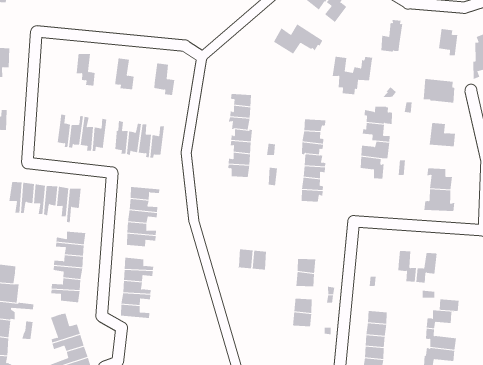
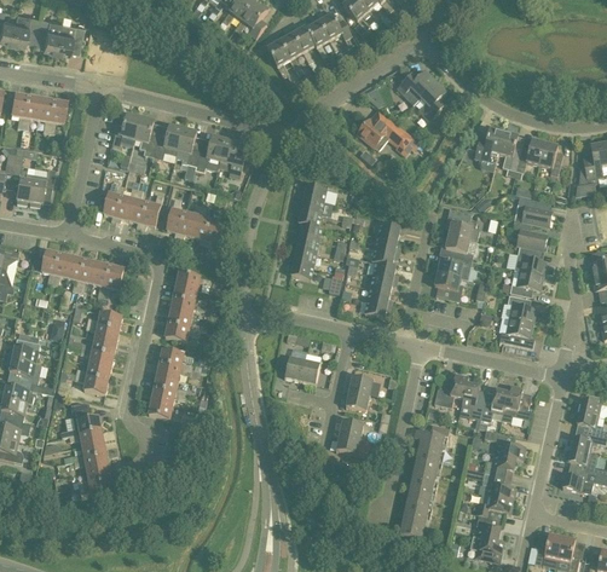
building: none -> [111,112,139,145]
building: [332,56,373,95] -> [497,131,545,177]
building: none -> [152,123,183,157]
building: none -> [195,134,225,171]
building: none -> [511,218,547,249]
building: none -> [509,268,542,295]
building: none -> [433,371,468,406]
building: none -> [502,383,531,426]
building: none -> [414,422,449,447]

